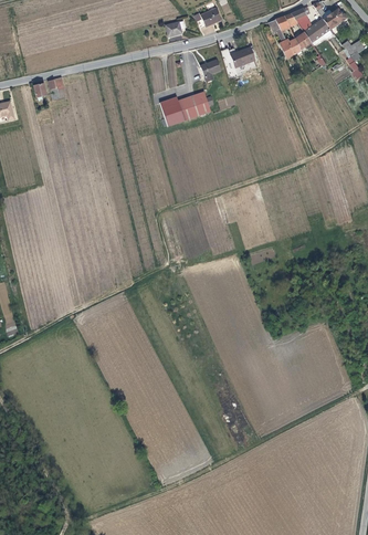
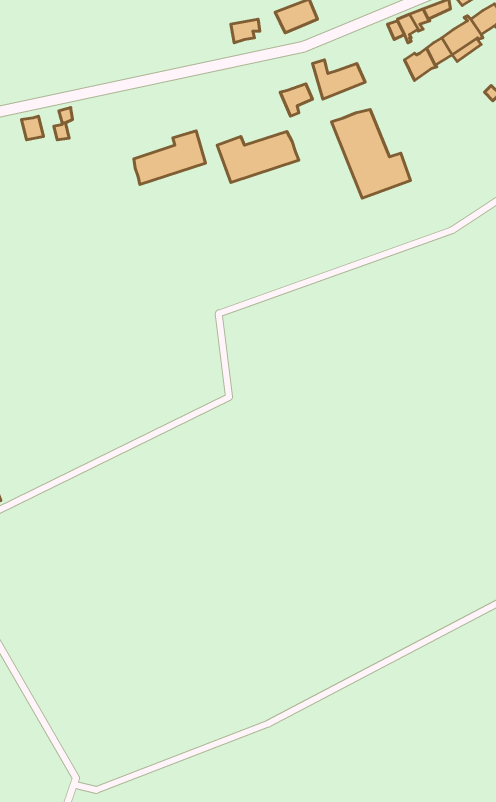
building: none -> [332,109,411,198]
building: none -> [134,131,205,184]

